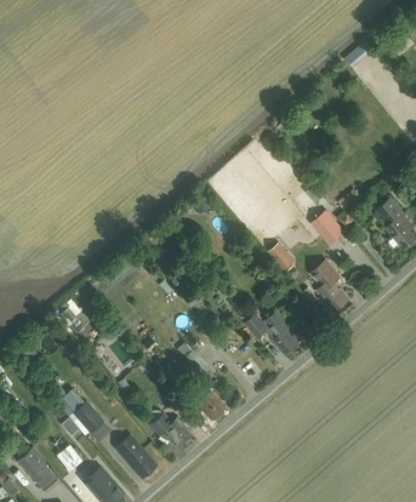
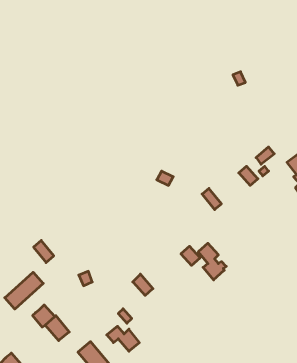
building: [309,259,349,313] -> none
building: none -> [5,272,43,309]
building: [195,382,226,421] -> none

